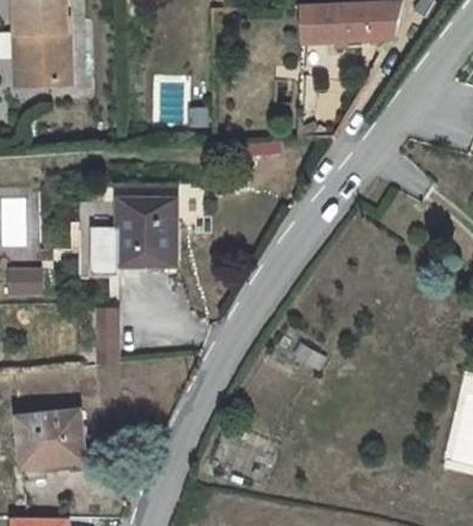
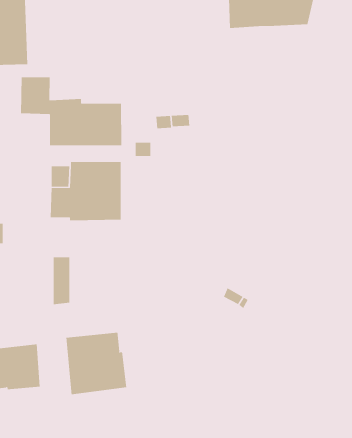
building: none -> [20,77,122,146]
building: none -> [66,332,127,395]

